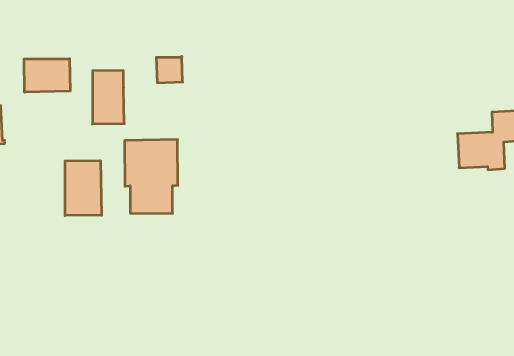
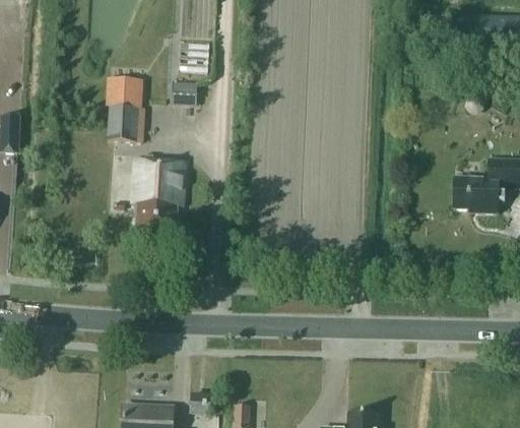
building: [24,59,70,92] -> none
building: [65,161,102,216] -> none

